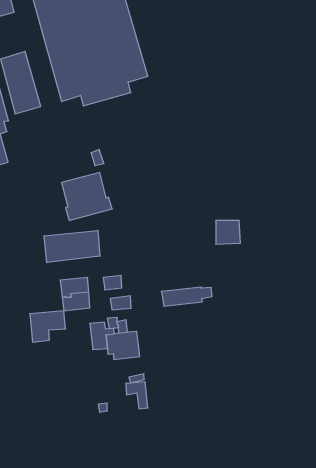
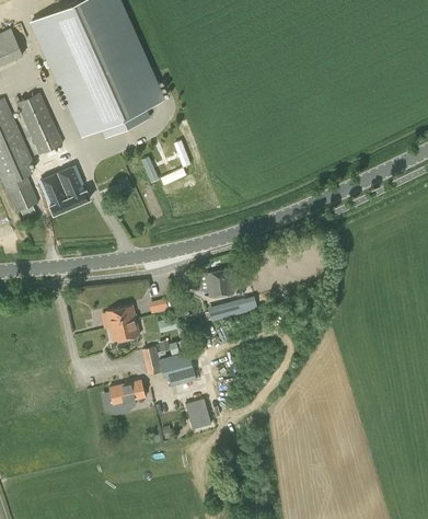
building: [61,172,112,221] -> [36,164,90,216]
building: [216,221,240,244] -> [207,270,234,297]
building: [44,230,100,263] -> none
building: [30,311,66,342] -> [108,381,146,416]

